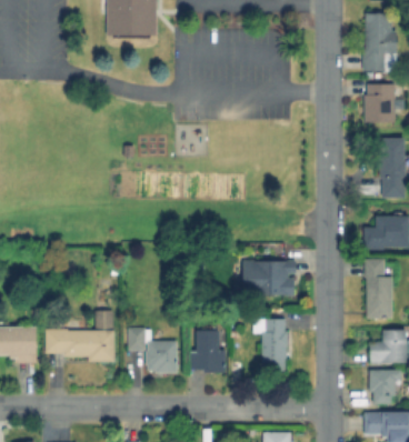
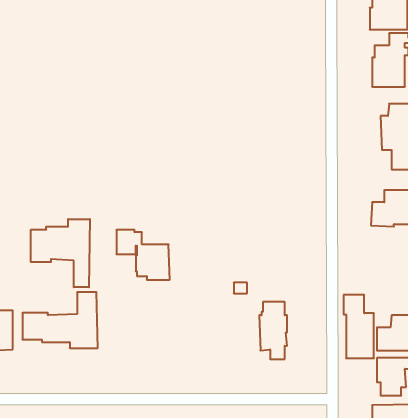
building: none -> [31,219,90,287]
building: [366,260,393,318] -> [344,295,374,358]
building: [246,263,297,295] -> none
building: [129,328,178,373] -> [116,230,170,280]
building: [191,330,226,372] -> none

